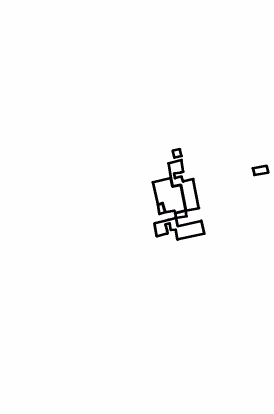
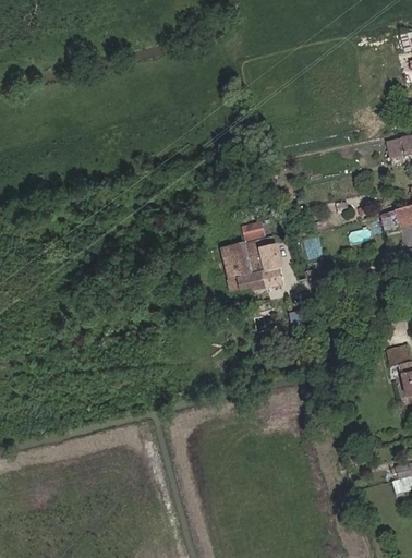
building: [155,218,204,240] -> none

